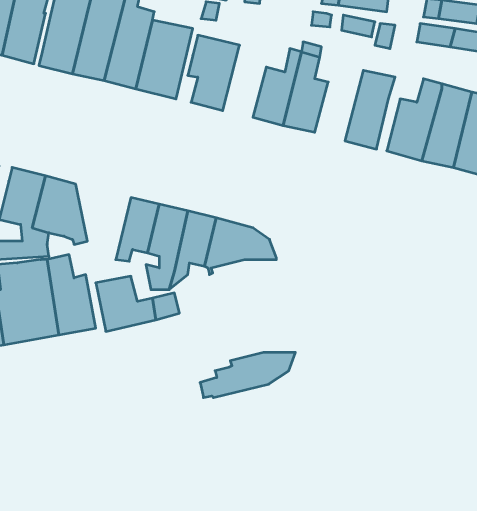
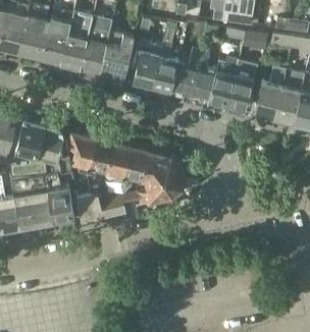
building: none -> [152,31,178,91]
building: none -> [208,59,238,105]
building: none -> [69,133,96,177]
building: [200,352,295,398] -> [126,177,185,205]

